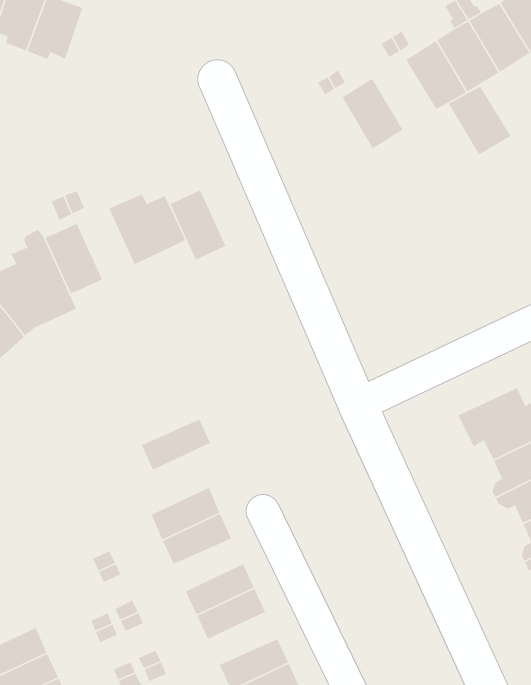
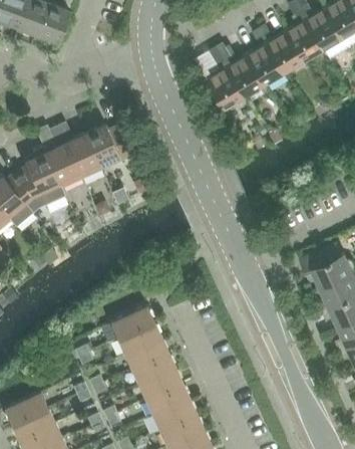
building: [448,86,511,156] -> [247,42,286,85]
building: none -> [207,65,247,109]
building: [170,189,227,261] -> [65,134,100,178]
building: [141,419,211,471] -> [124,338,167,370]
building: none -> [145,383,189,415]

